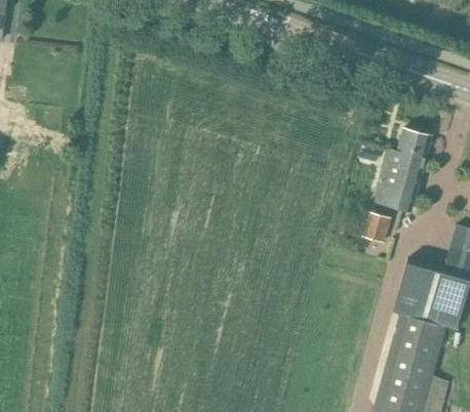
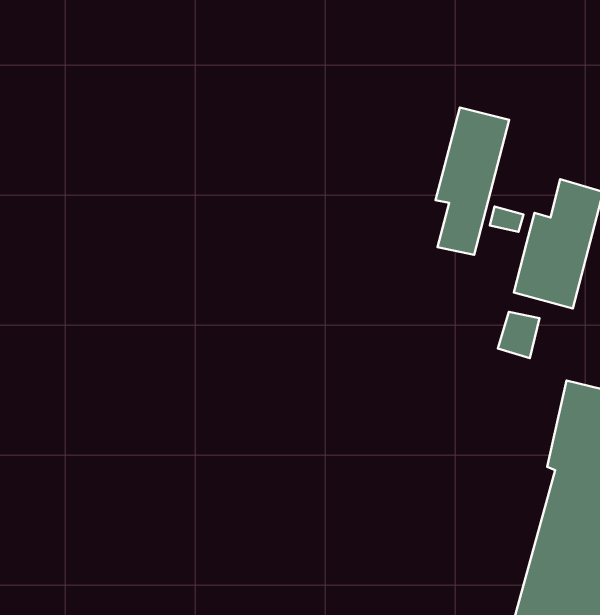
building: none -> [436,108,509,255]

